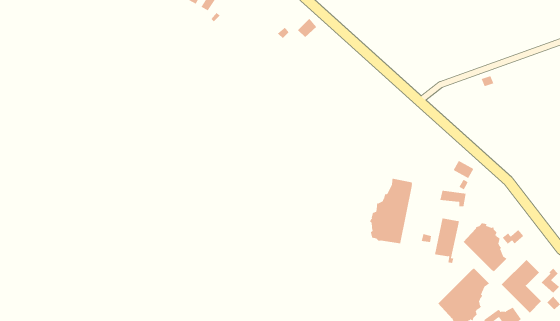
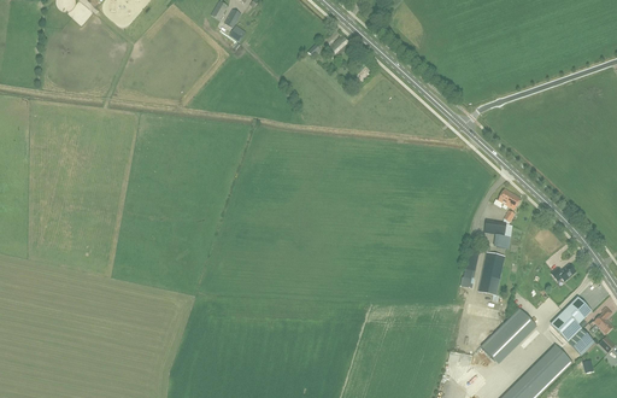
building: [369,178,412,244] -> none
building: [463,223,507,272] -> none

